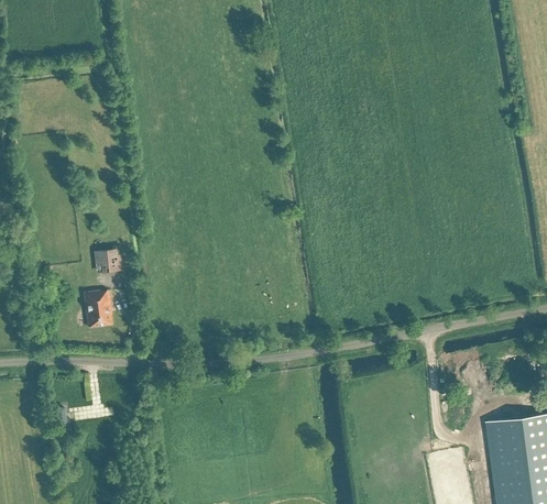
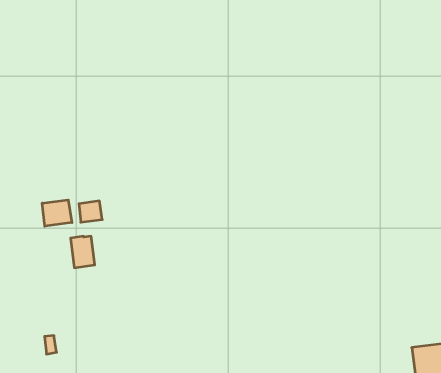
building: none -> [42,200,72,226]

